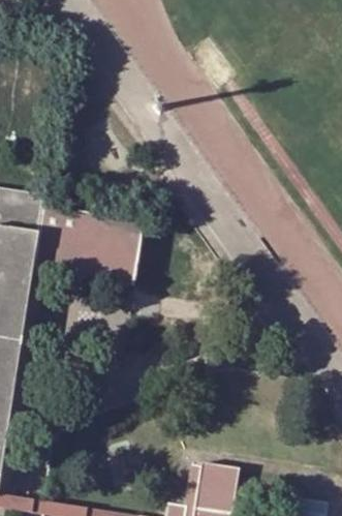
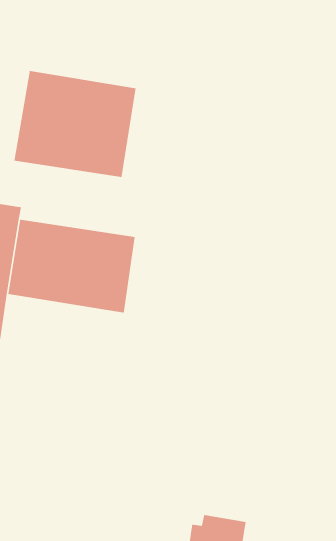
building: none -> [14,70,136,178]

